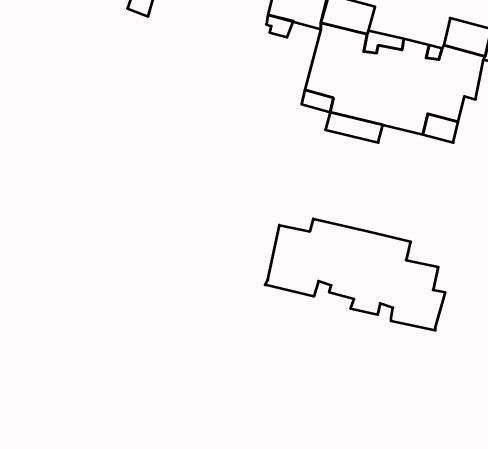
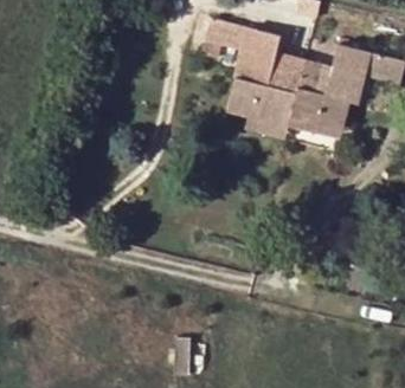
building: [265,219,445,330] -> none

